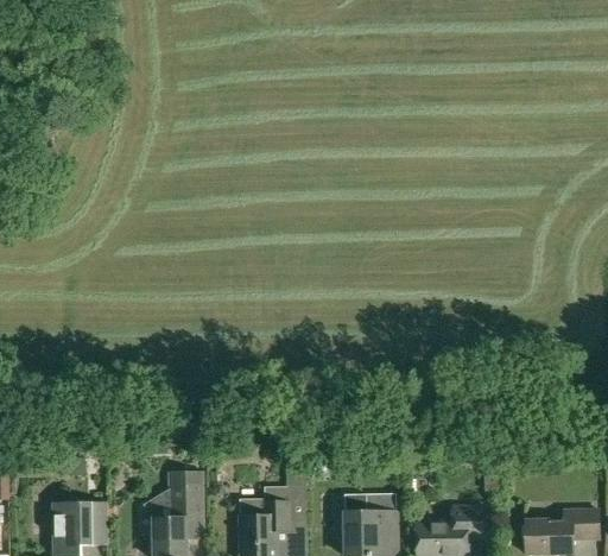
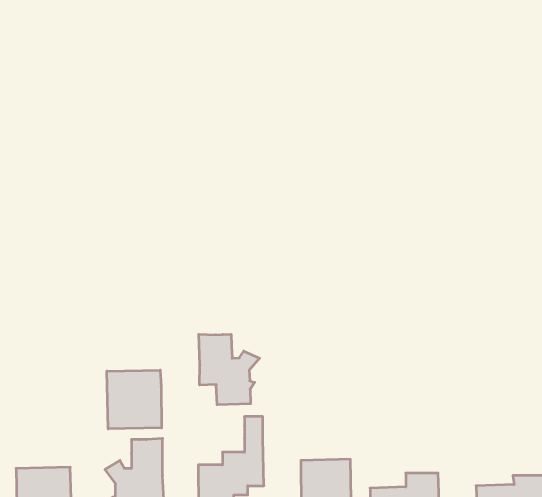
building: none -> [199,334,260,405]
building: none -> [107,370,162,429]

